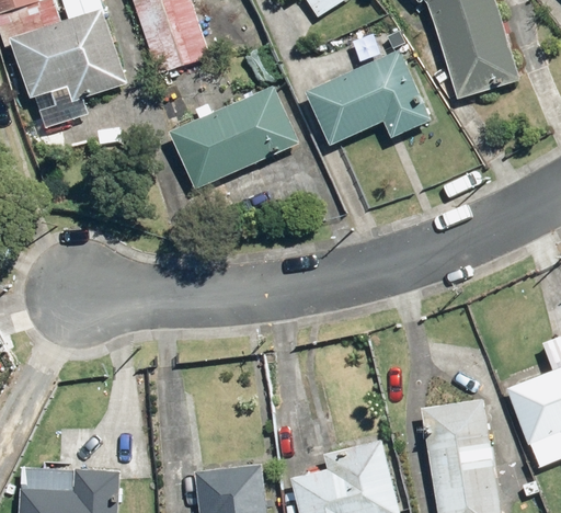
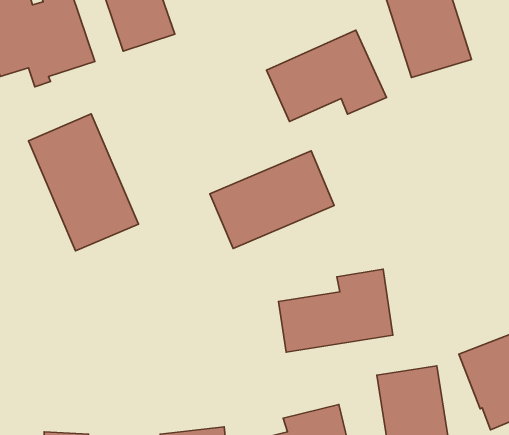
building: [170,87,299,189] -> [210,151,334,249]
building: none -> [28,114,138,251]
building: none -> [278,269,393,352]

